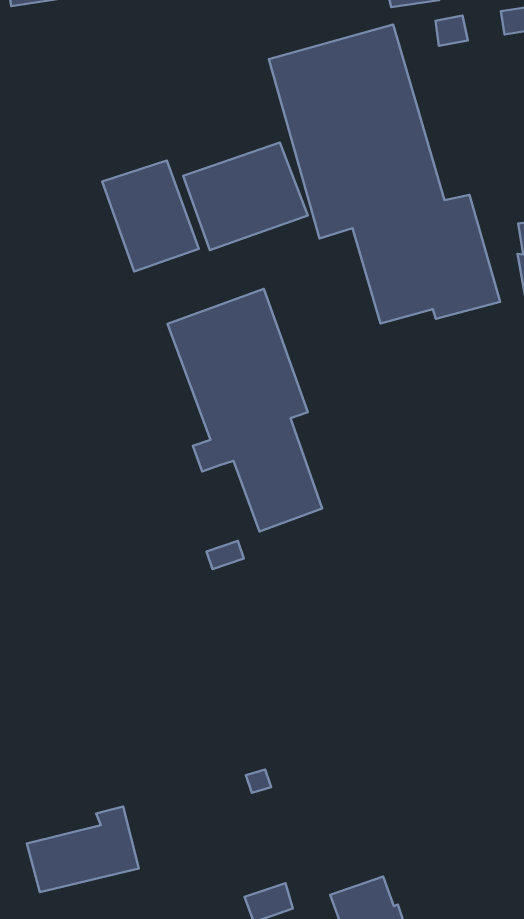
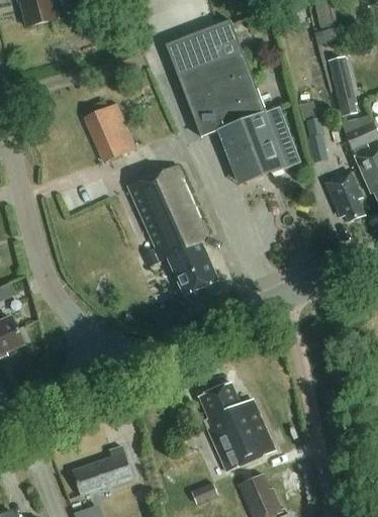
building: [183,143,308,250] -> none
building: none -> [198,383,275,474]

